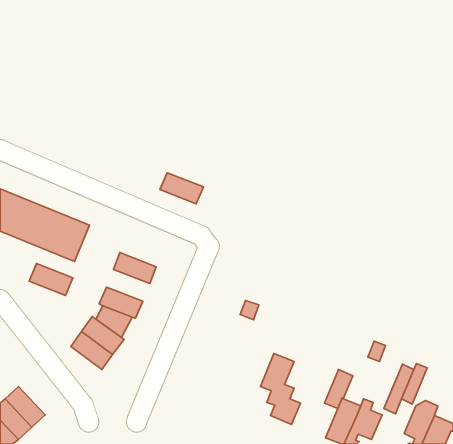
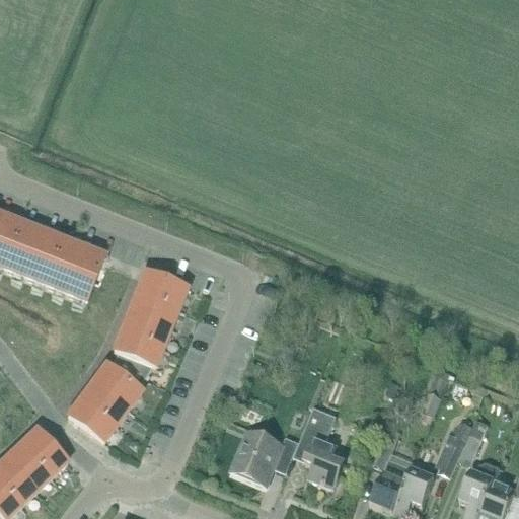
building: [160,173,203,204] -> [137,270,187,305]
building: [29,264,73,295] -> [122,308,171,345]
building: none -> [68,396,117,440]
building: none -> [21,428,67,474]
building: none -> [232,432,298,480]

